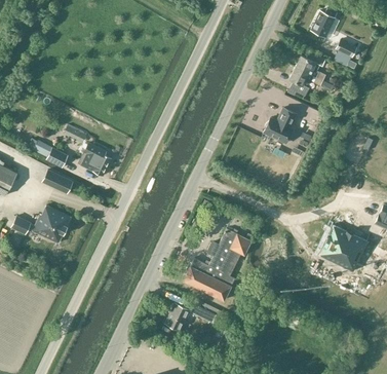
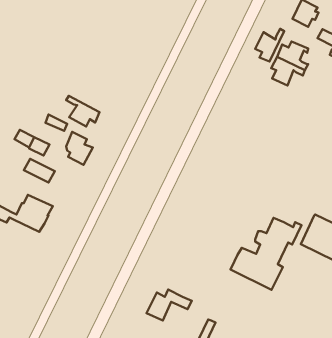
building: none -> [255,29,284,62]
building: none -> [66,96,100,126]
building: [264,108,297,144] -> none
building: [184,229,255,301] -> [230,218,301,290]

